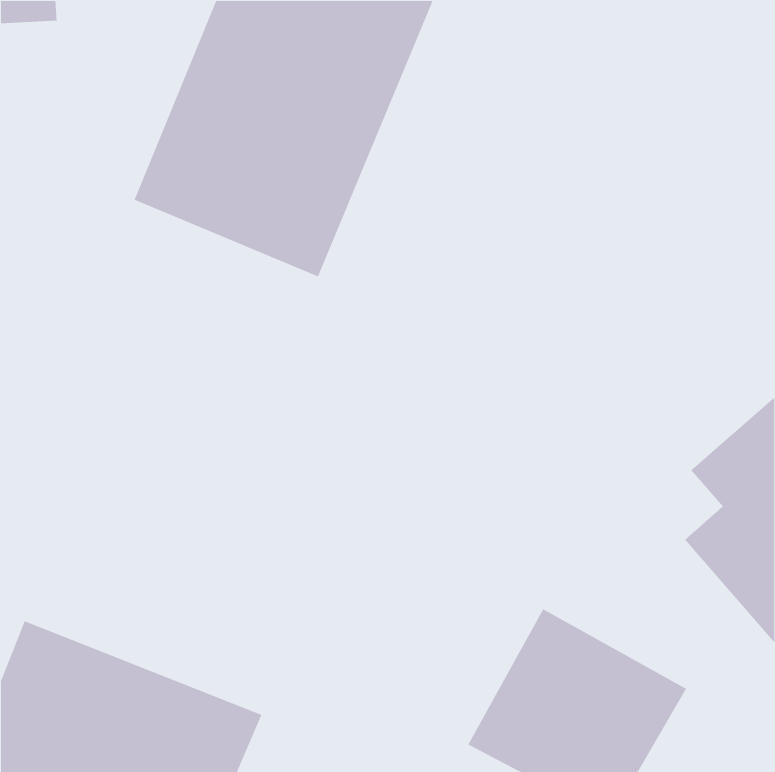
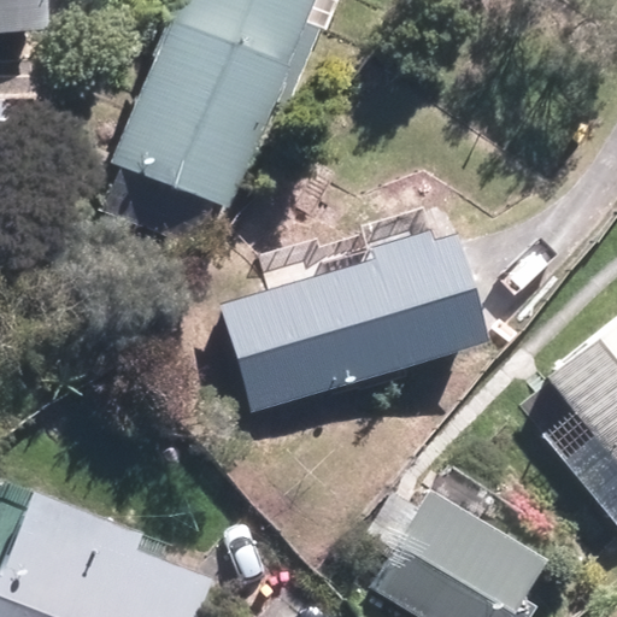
building: none -> [222,229,498,410]

